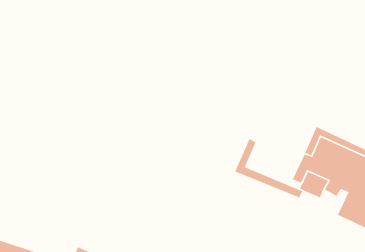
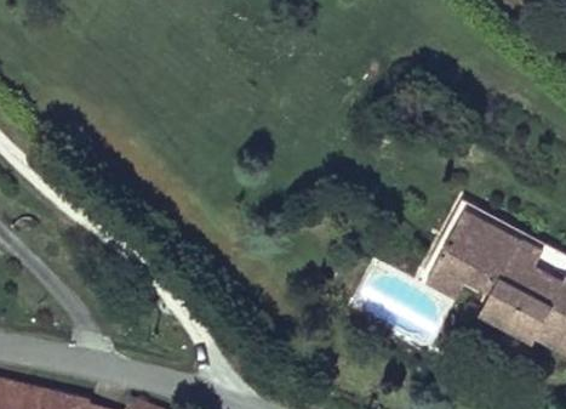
building: [234,138,303,198] -> none

